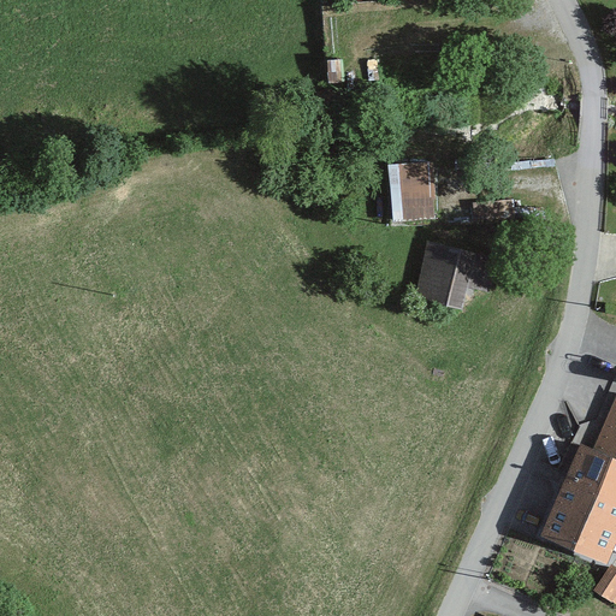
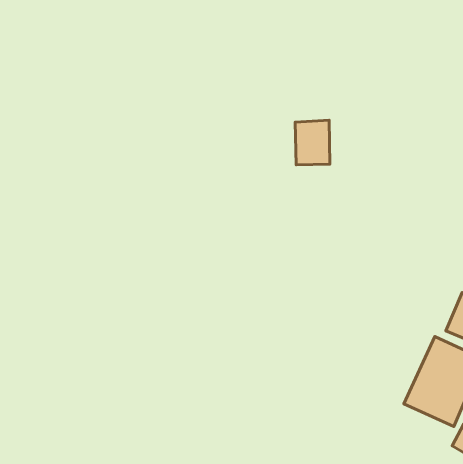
building: [416,241,499,308] -> none

